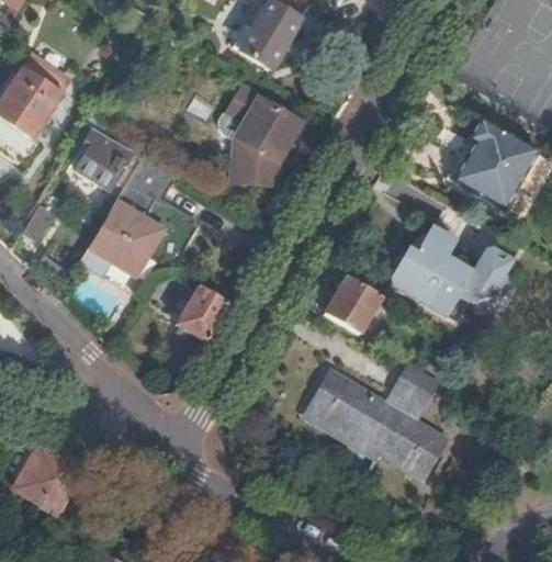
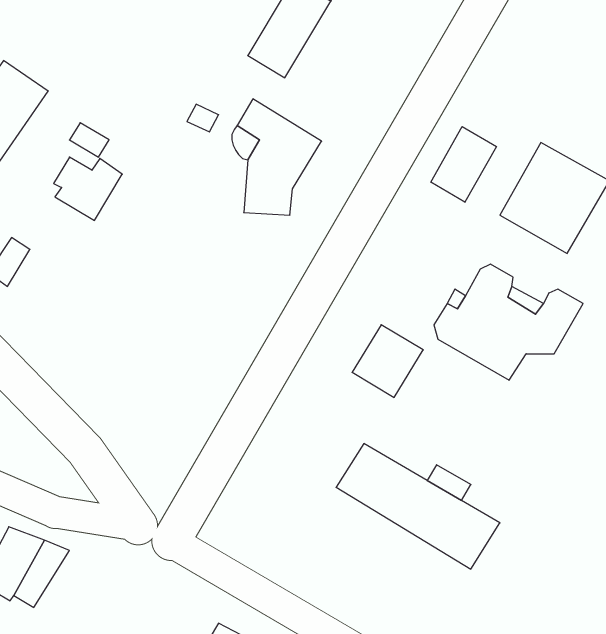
building: none -> [431,127,496,202]
building: [81,157,194,276] -> none
building: [174,285,226,344] -> none
building: [393,366,437,408] -> none

